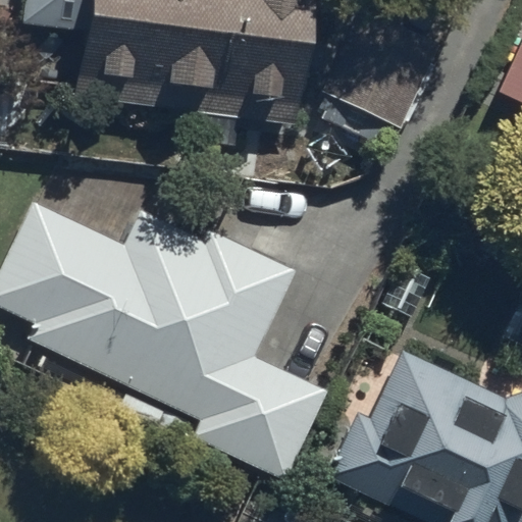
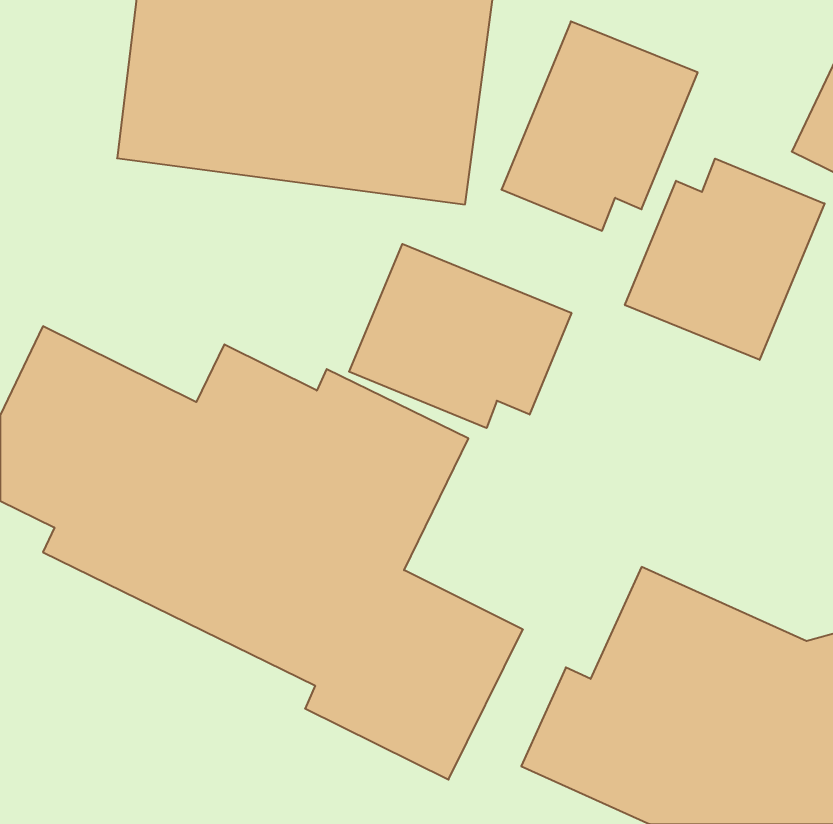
building: none -> [625,159,825,360]
building: none -> [349,244,571,428]

